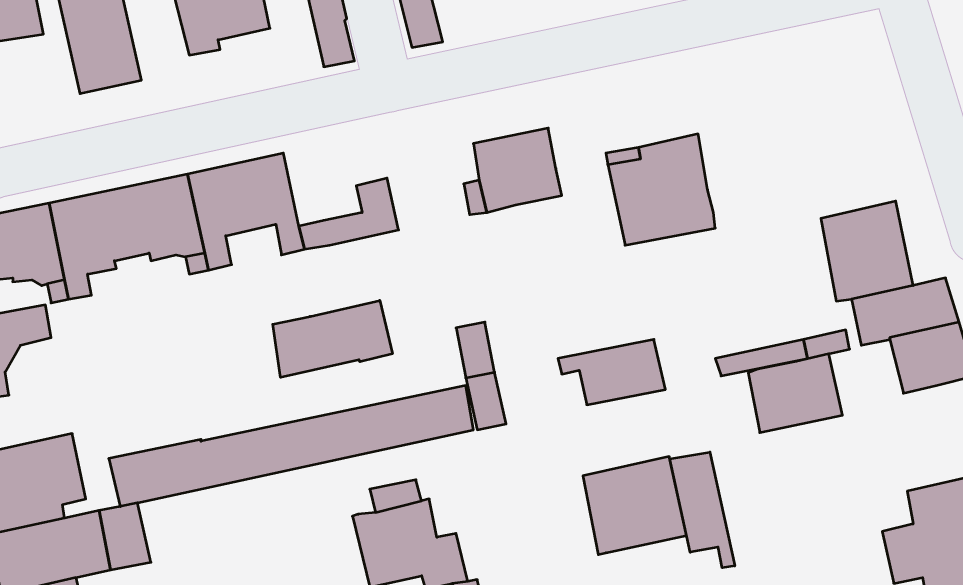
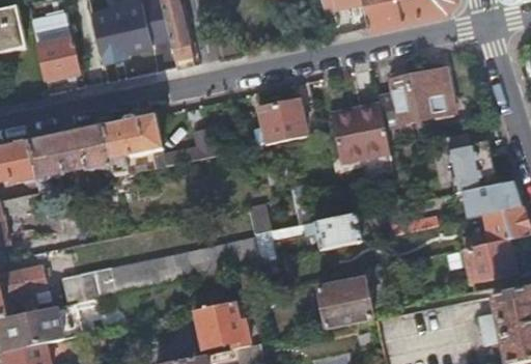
building: none -> [376,68,453,133]
building: [273,300,392,377] -> none
building: [748,354,842,433] -> [464,239,514,281]
building: [670,452,735,568] -> none

